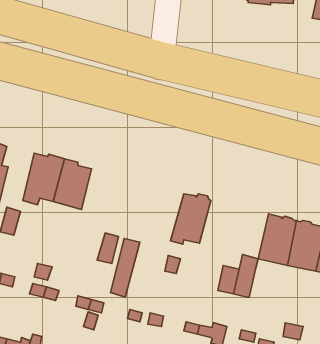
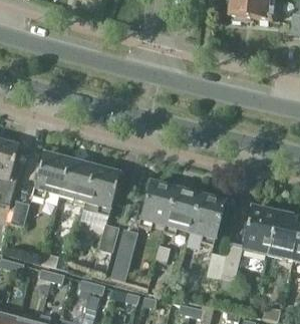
building: none -> [82,166,119,216]
building: none -> [138,182,176,231]
building: none -> [190,195,224,244]

